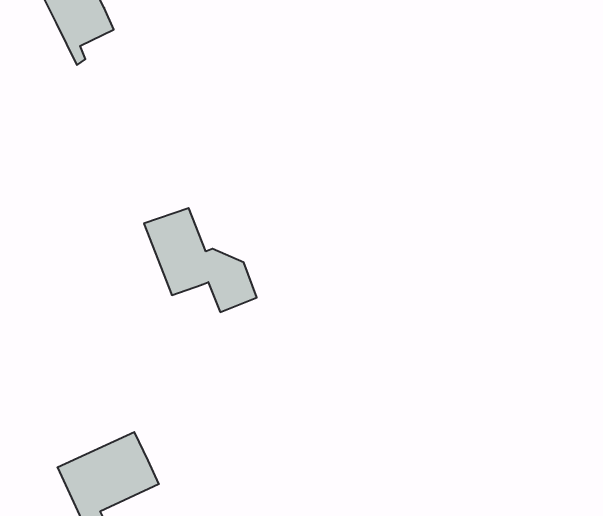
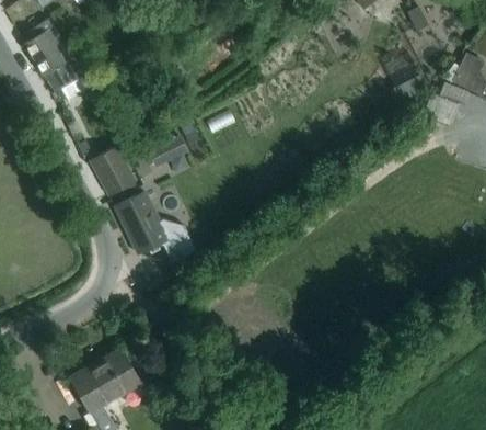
building: none -> [147,134,188,168]
building: none -> [90,146,136,196]

